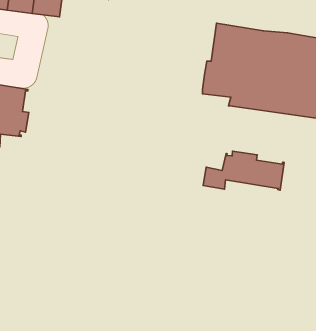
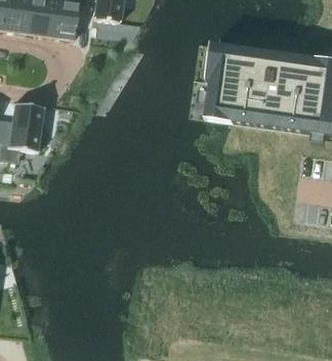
building: [203,151,284,190] -> none

